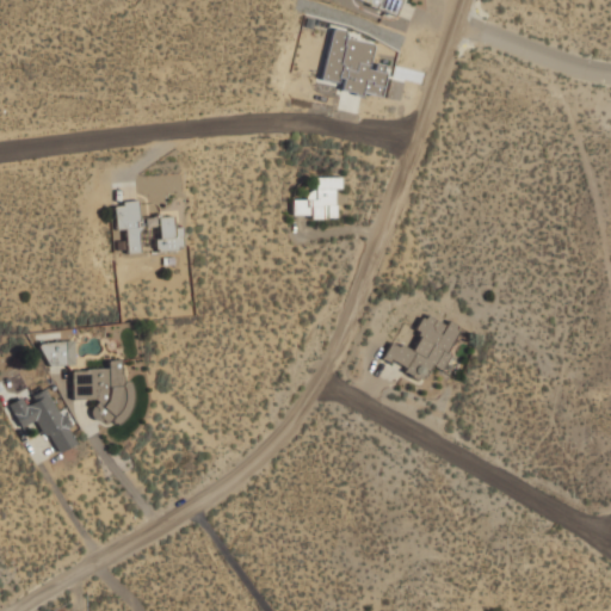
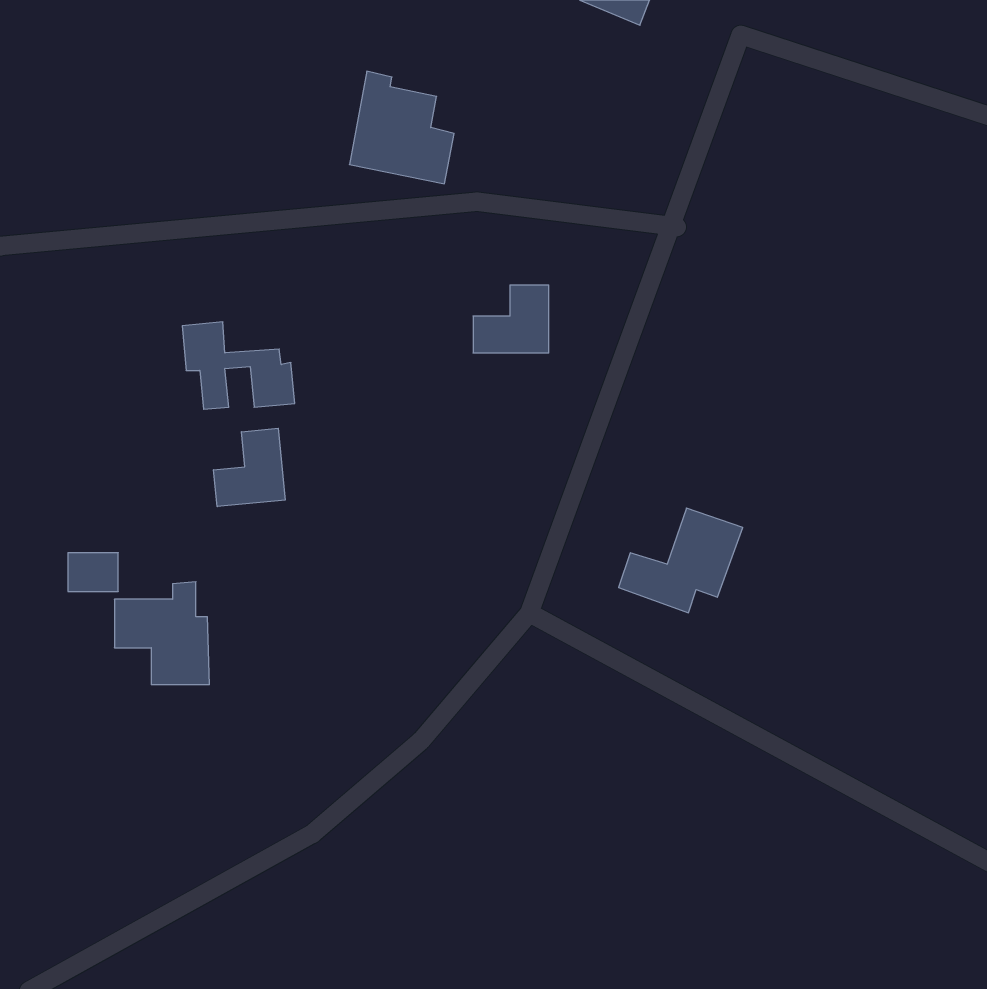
building: [321,27,385,97] -> [349,71,454,184]
building: none -> [214,428,285,507]
building: [11,385,76,455] -> none

